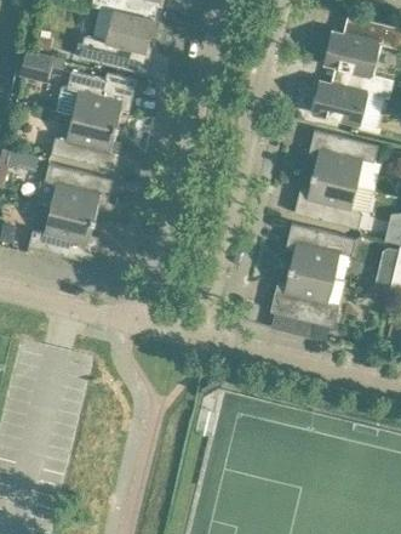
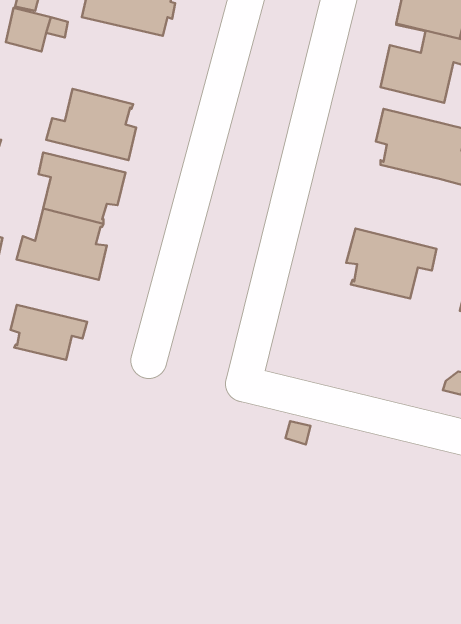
building: [55,62,137,125] -> none
building: [294,172,362,228] -> none
building: [270,266,339,336] -> none
building: none -> [11,305,87,360]

